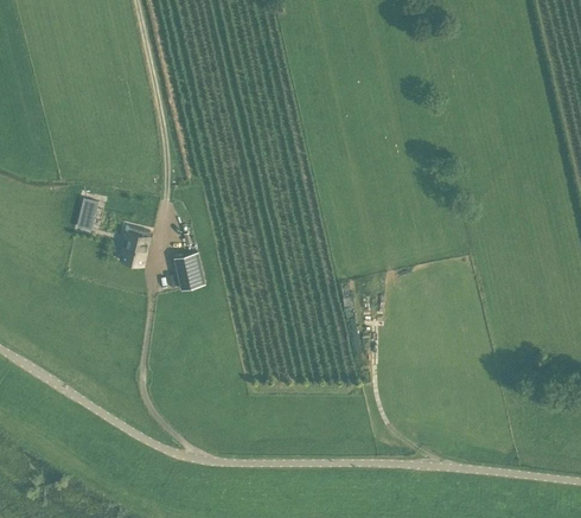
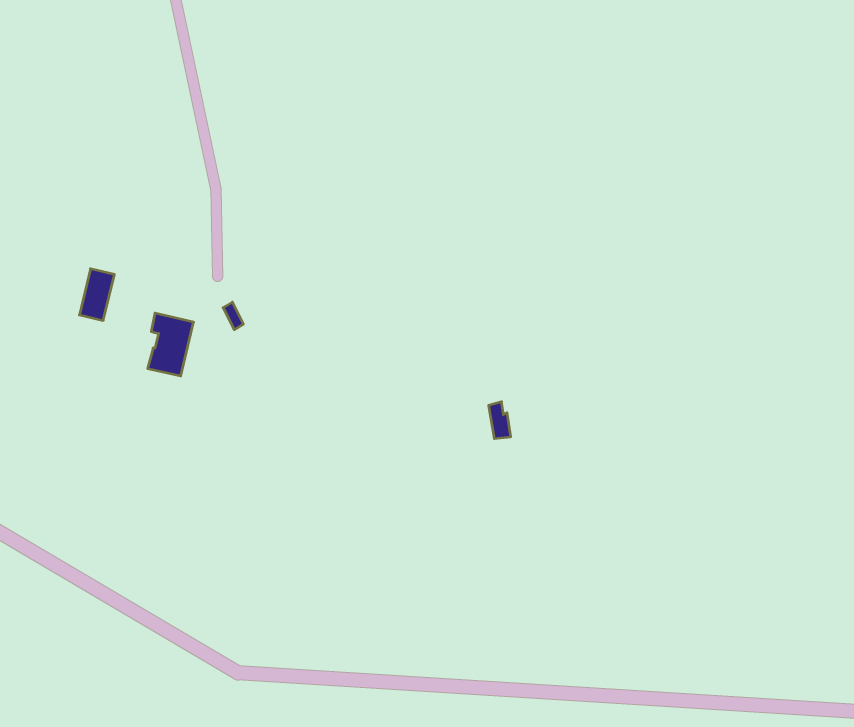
building: [172,252,203,289] -> none

